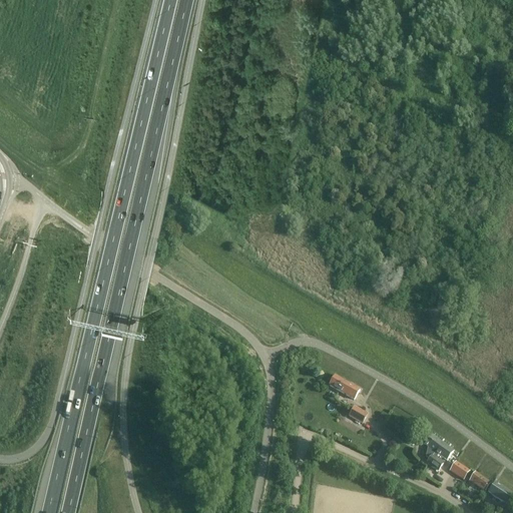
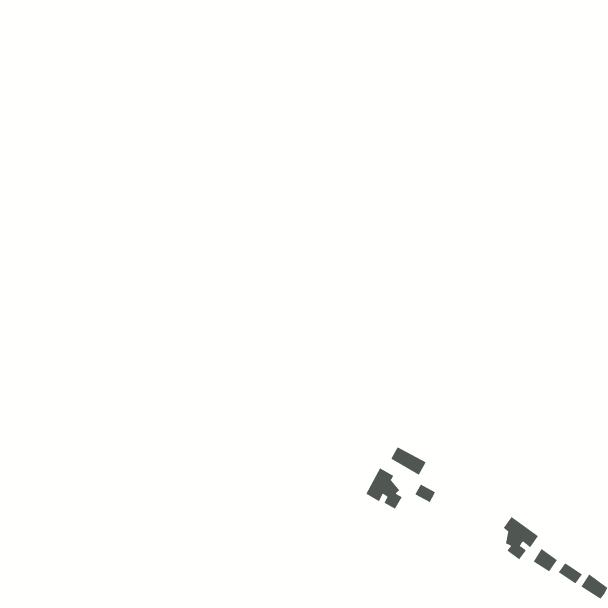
building: none -> [365,468,402,509]

